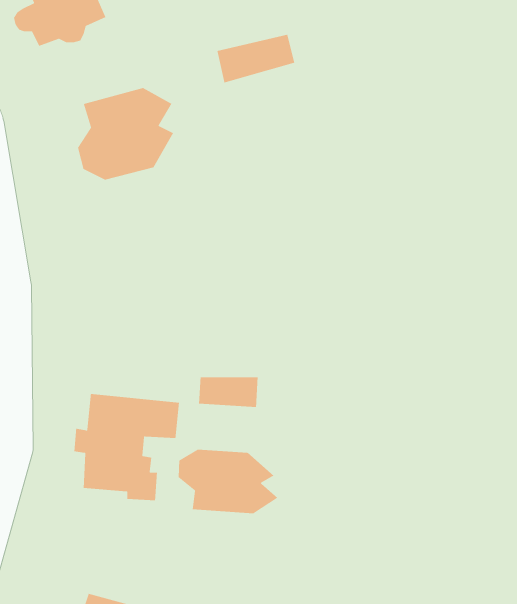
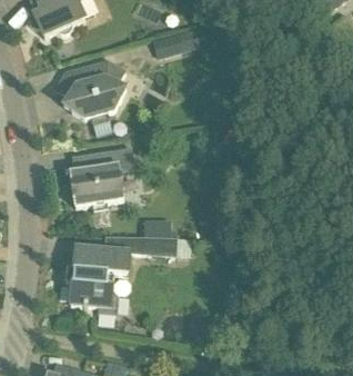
building: none -> [69,147,133,206]
building: [178,449,278,514] -> none

